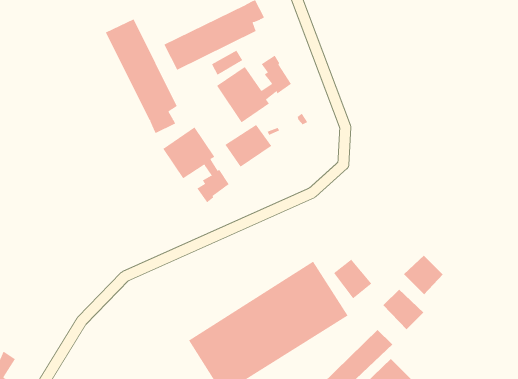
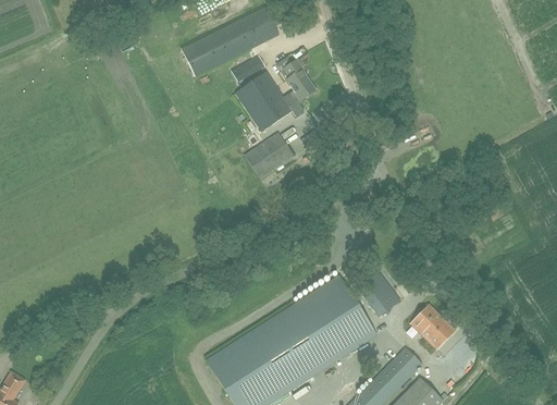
building: [105,19,177,134] -> none
building: [162,126,229,203] -> none
building: [403,255,444,295] -> none

